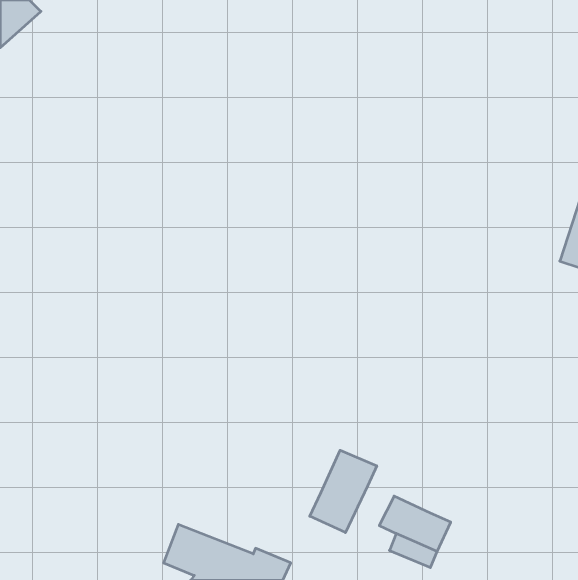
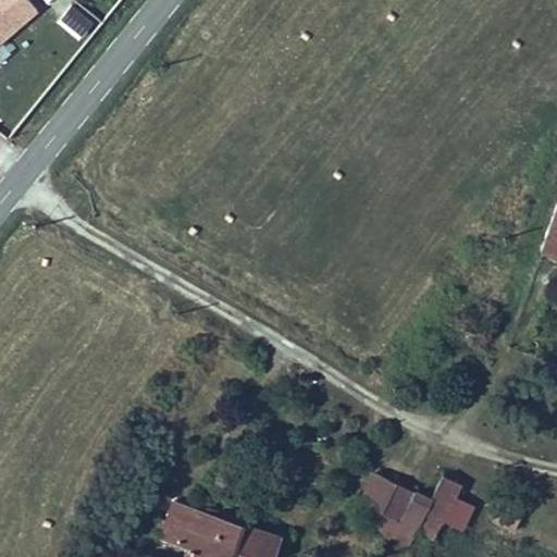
building: [310,450,377,533] -> none
building: none -> [420,475,474,540]

